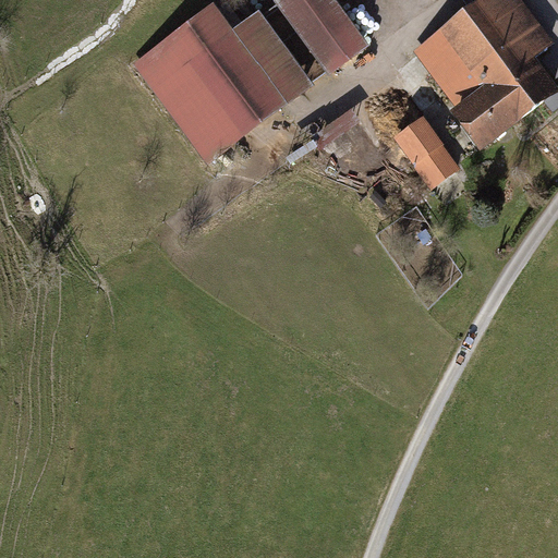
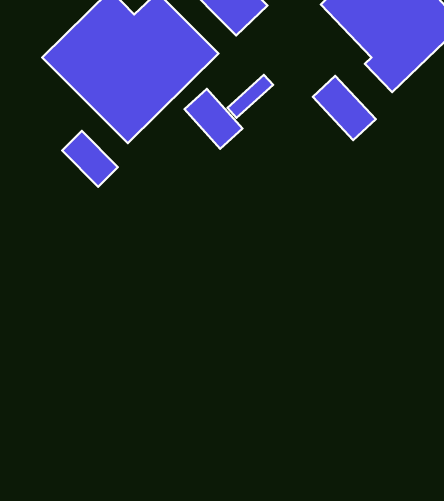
building: none -> [184,89,243,149]
building: none -> [62,131,118,187]

